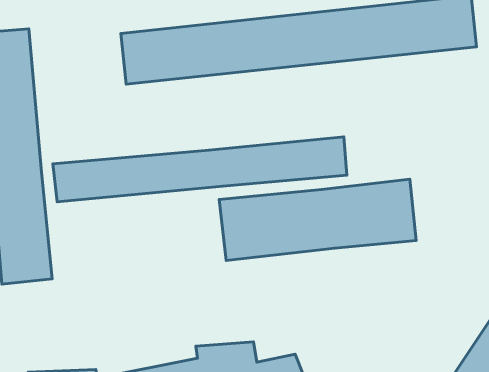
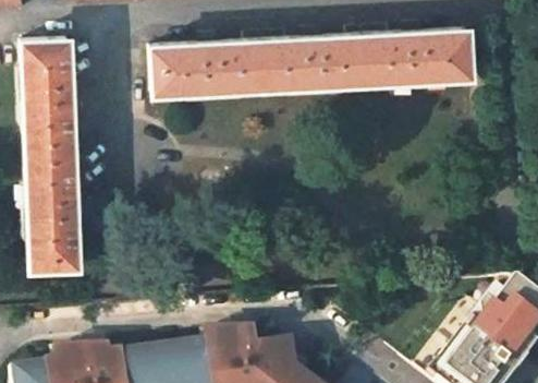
building: [53,137,347,202] -> none
building: [219,179,416,261] -> none

